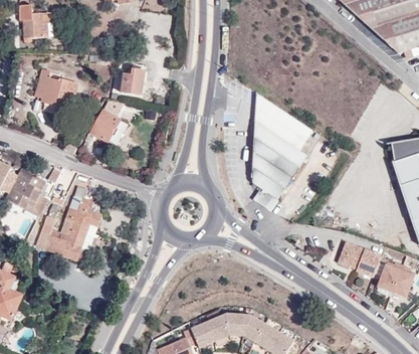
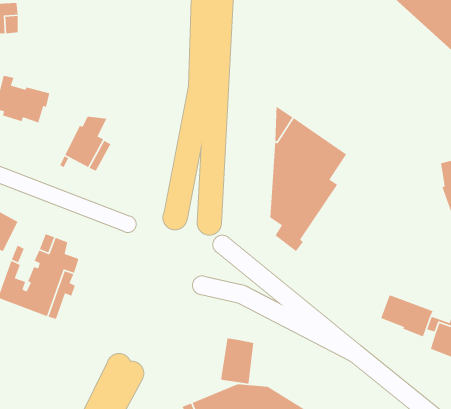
building: [122,69,145,95] -> none
building: none -> [220,338,254,384]

